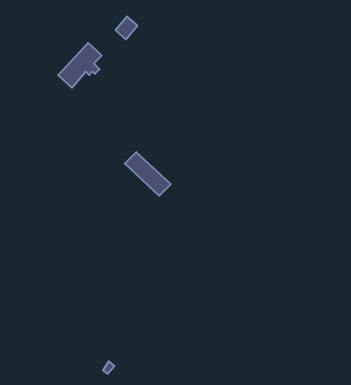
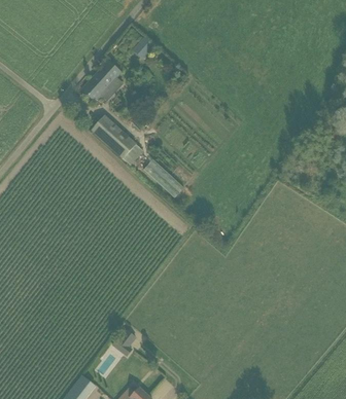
building: none -> [93,115,137,157]

